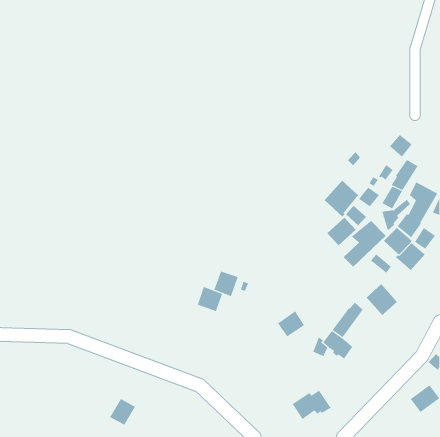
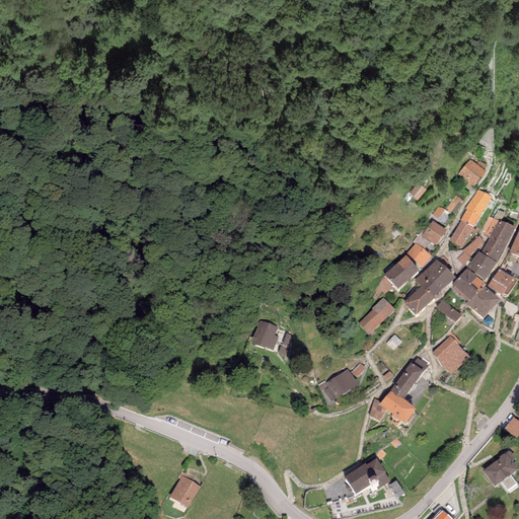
building: [324,180,359,217] -> none
building: none -> [358,296,394,333]
building: [197,286,223,312] -> none
building: [109,398,136,426] -> [169,473,201,506]

